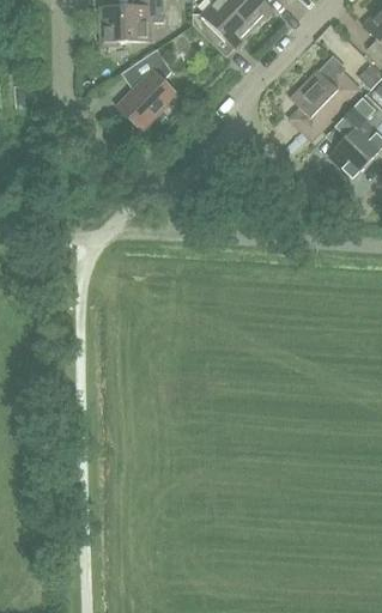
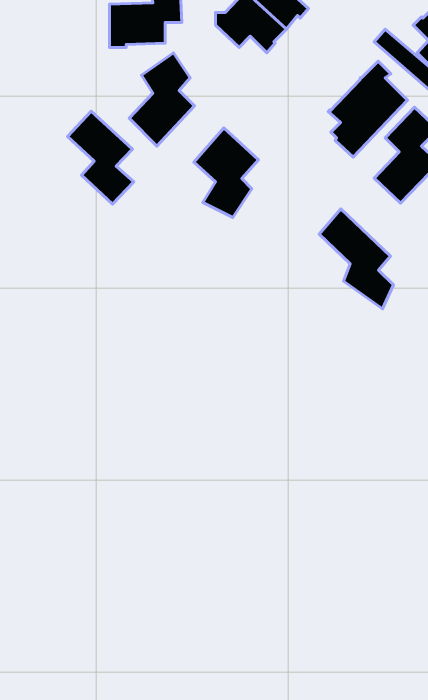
building: none -> [67,111,134,204]
building: none -> [194,128,258,218]
building: none -> [319,209,393,309]

